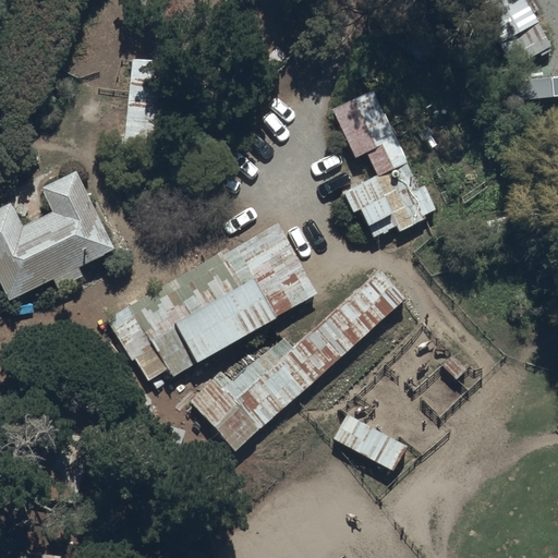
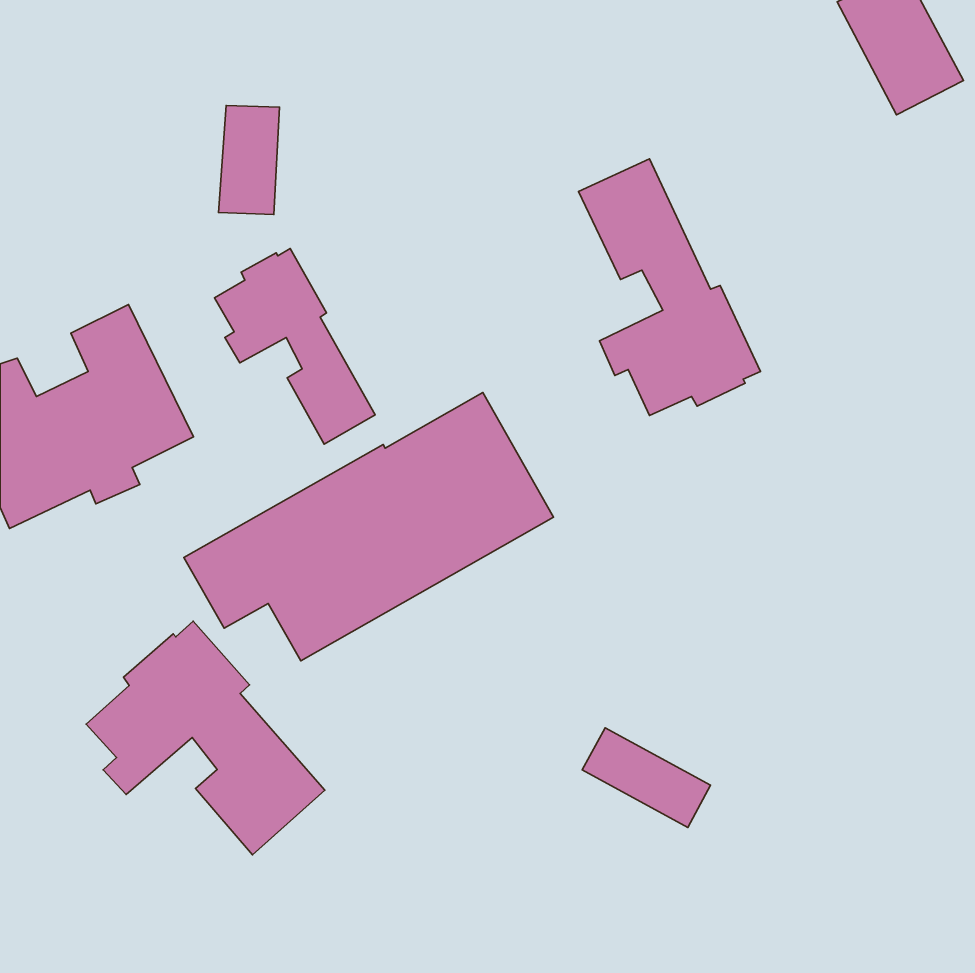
building: none -> [214,249,375,444]
building: [189,270,405,450] -> none
building: none -> [86,621,325,855]

